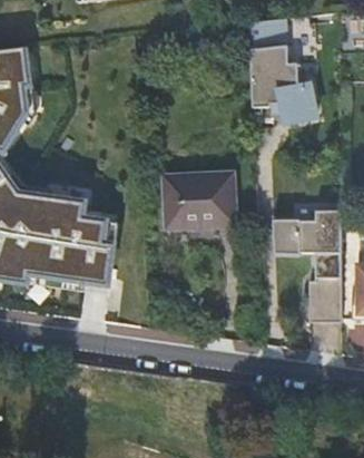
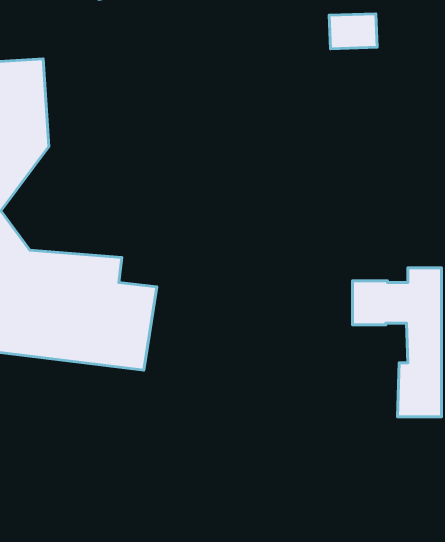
building: [247,43,314,121] -> none
building: [163,173,232,226] -> none

